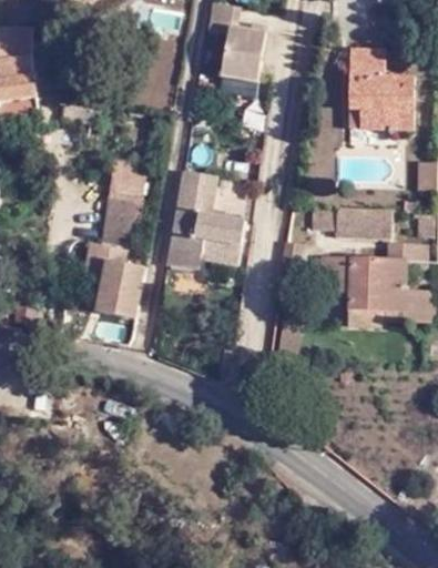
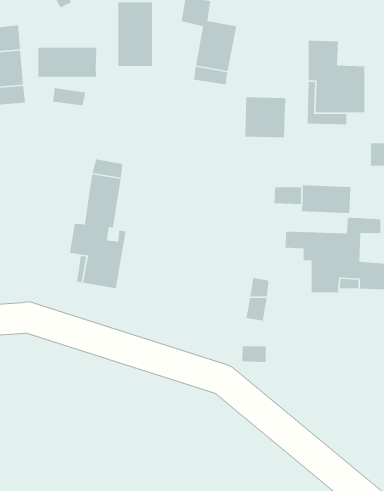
building: none -> [37,47,97,78]
building: none -> [244,96,286,138]
building: [166,168,246,270] -> none

